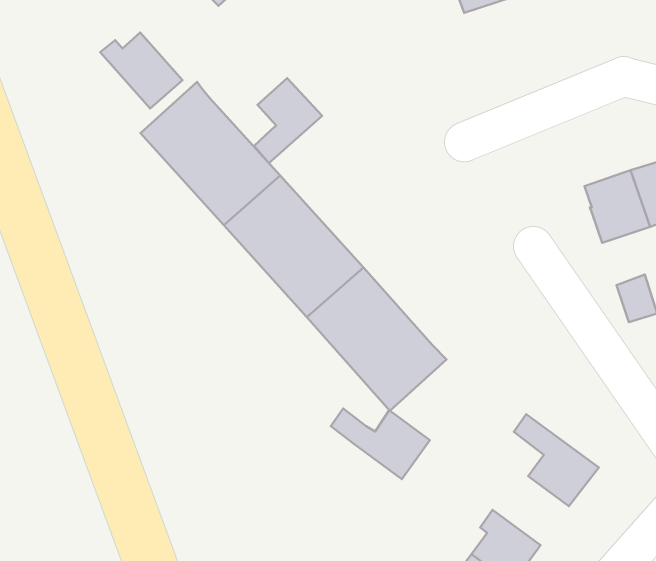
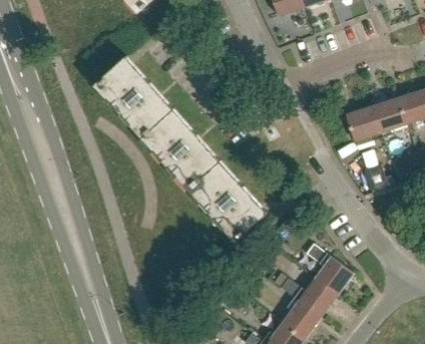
building: [100,32,182,108] -> none
building: [254,78,322,163] -> none
building: [331,408,430,479] -> [281,277,337,317]

